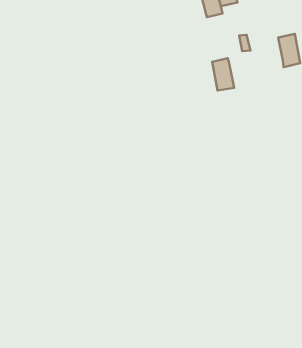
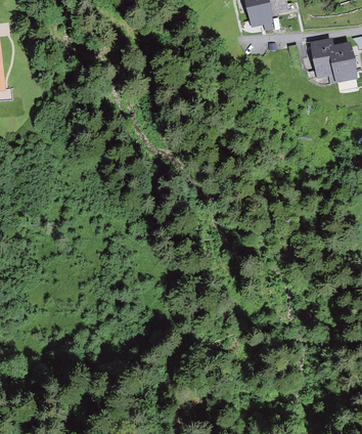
building: [212,58,234,91] -> [312,42,336,78]

